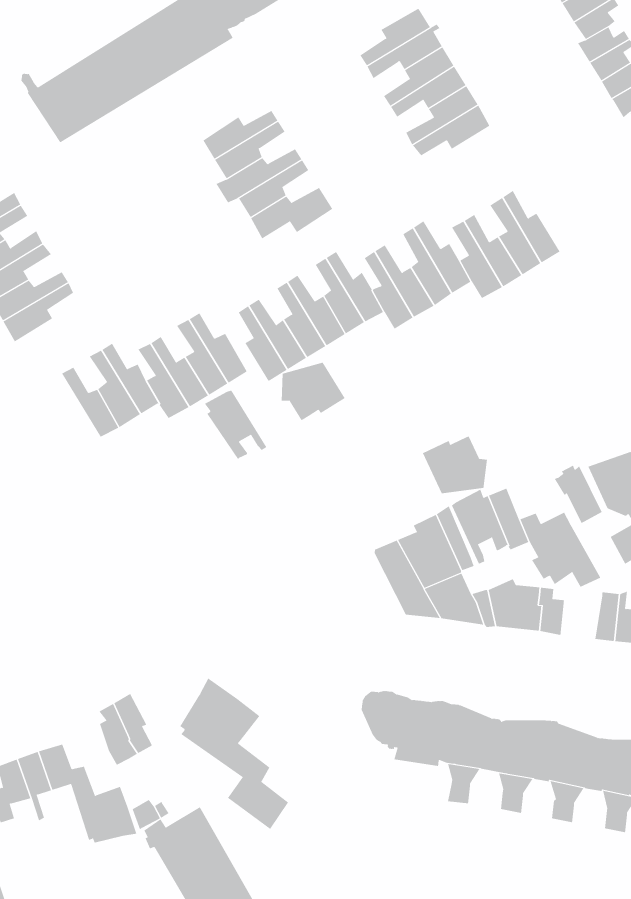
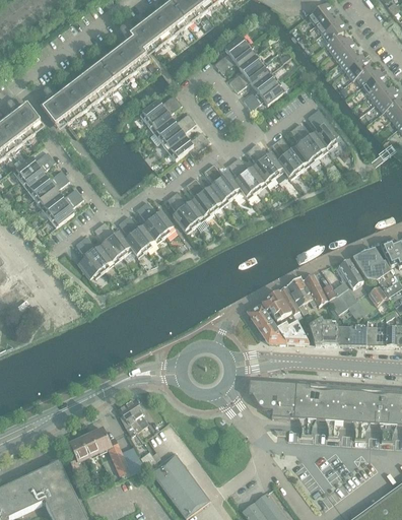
building: none -> [308,108,338,149]
building: [281,362,346,421] -> none
building: none -> [75,239,104,277]
building: [204,390,267,460] -> none
building: [422,435,487,494] -> none
building: none -> [347,321,366,344]
building: [180,677,289,830] -> none

